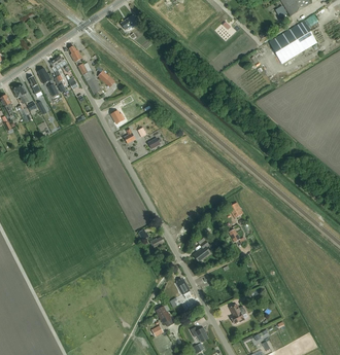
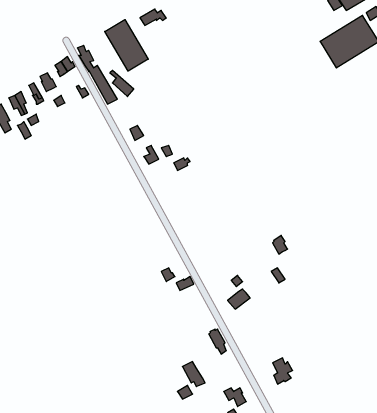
building: none -> [105,20,148,71]

